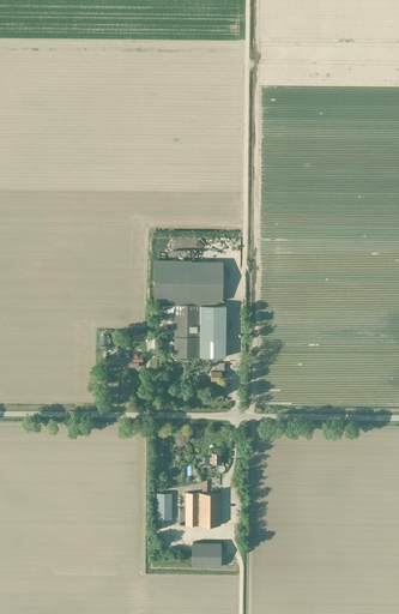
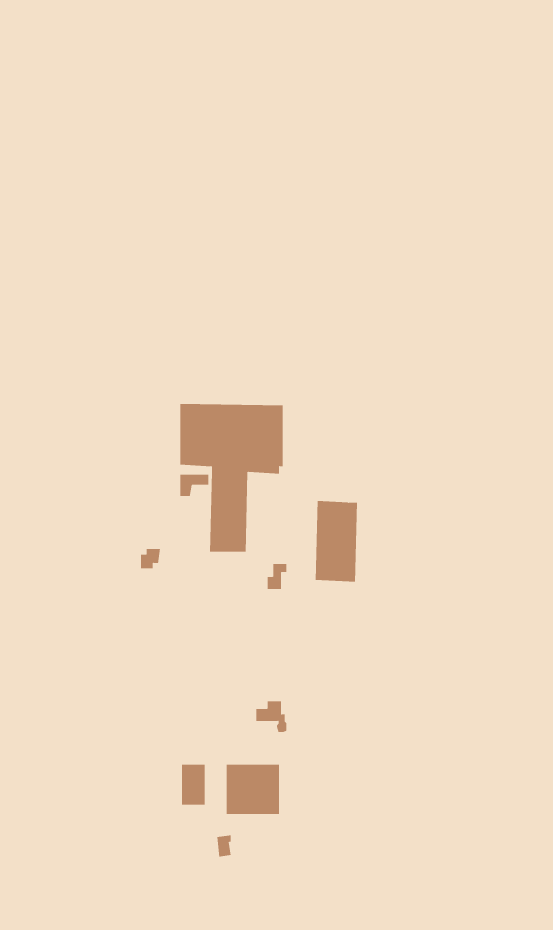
building: [199,306,226,359] -> [315,500,358,582]
building: [193,543,225,567] -> none

